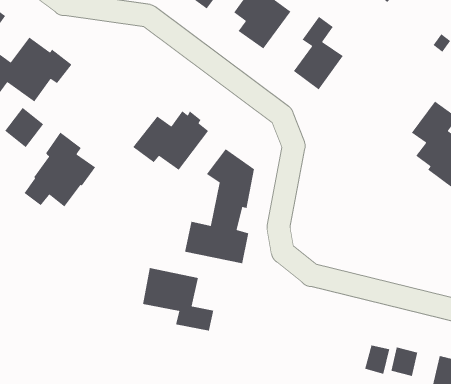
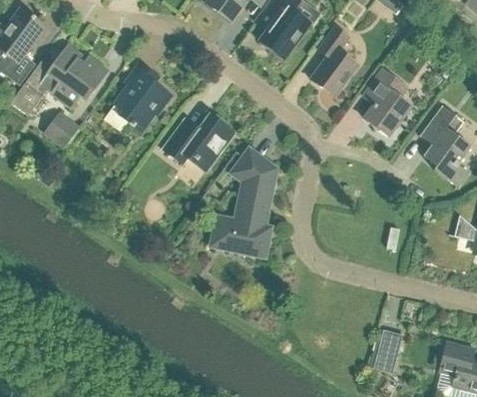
building: none -> [364,69,411,134]
building: [23,132,96,207] -> [104,61,171,131]
building: [142,267,214,332] -> none
building: [390,347,418,377] -> none

